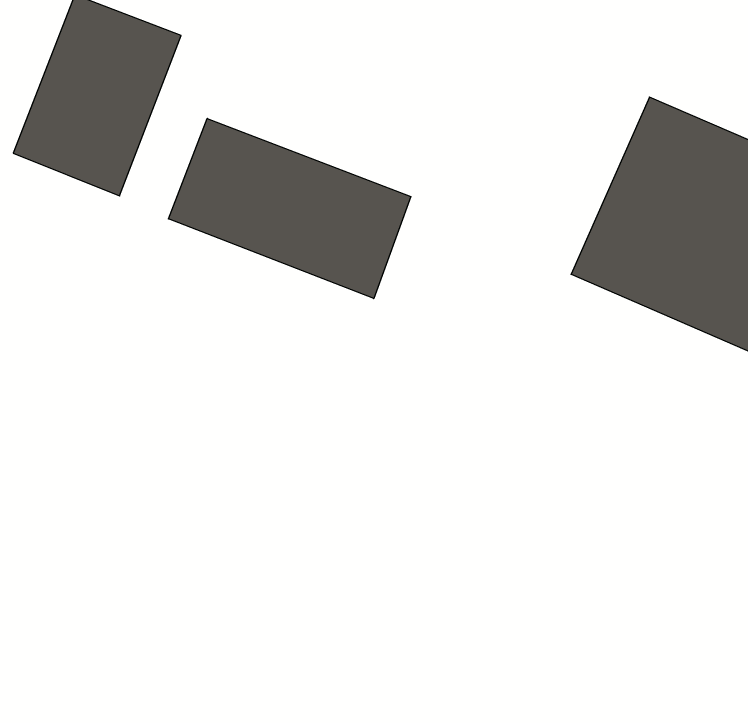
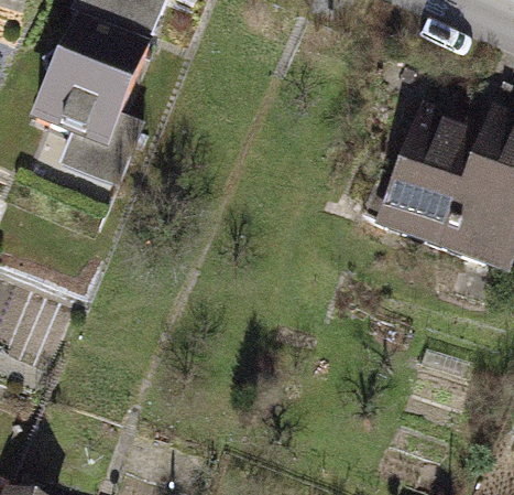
building: [168,118,411,299] -> none

